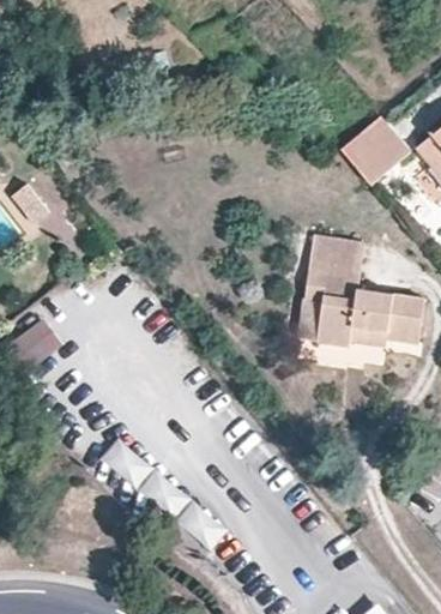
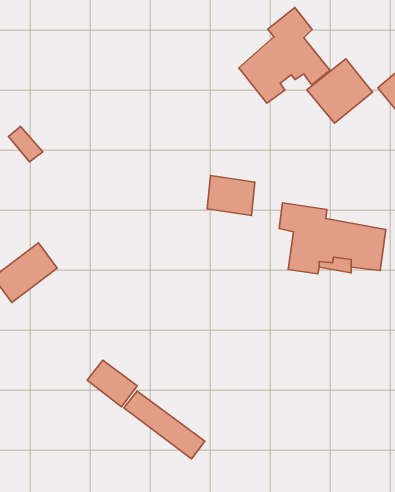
building: none -> [239,7,330,103]
building: [313,235,364,278] -> [207,176,255,215]

